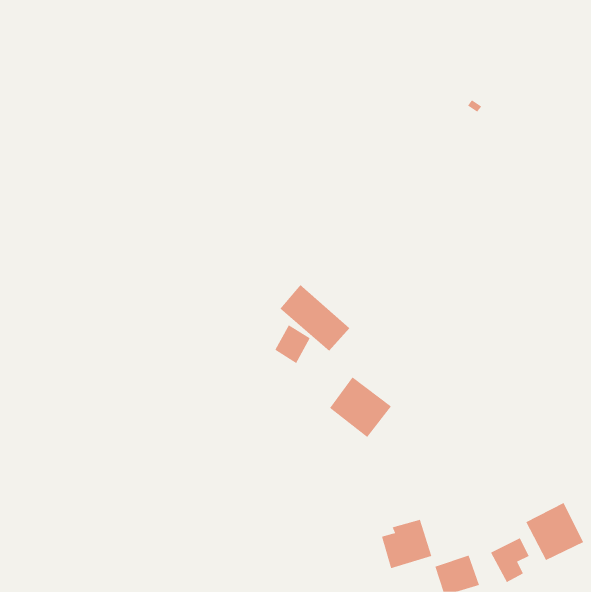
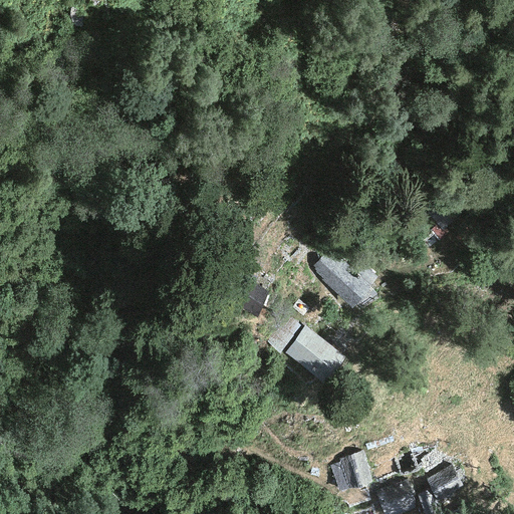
building: [279,284,350,351] -> [310,249,371,307]
building: [525,502,584,561] -> none

